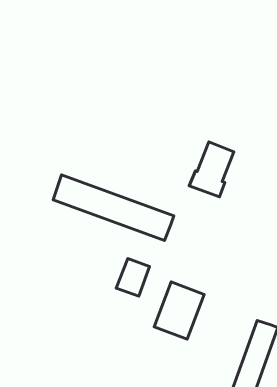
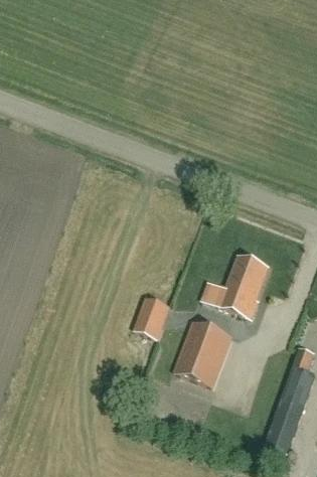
building: [189,142,234,197] -> [217,256,268,317]
building: [53,175,174,240] -> none

